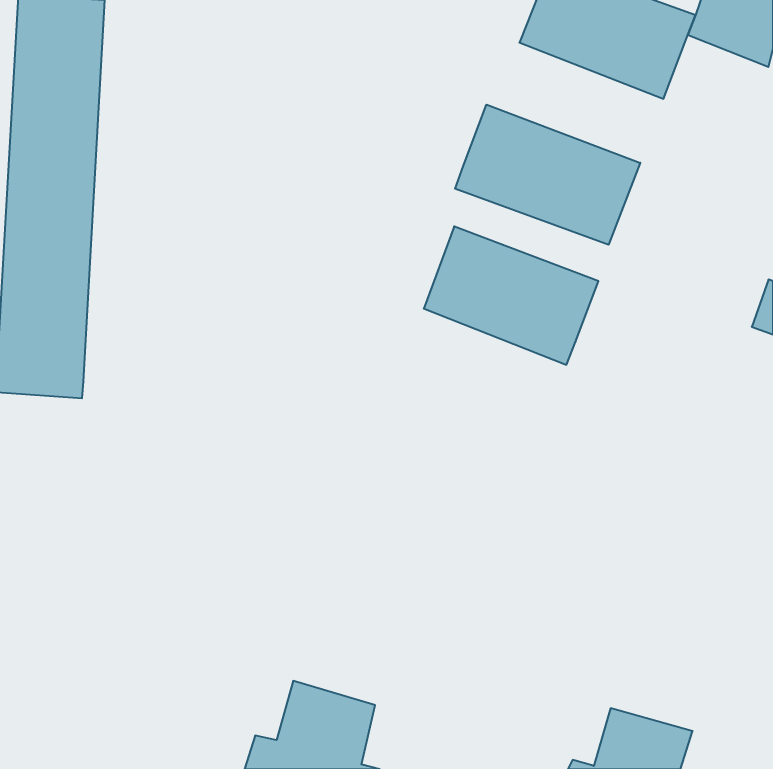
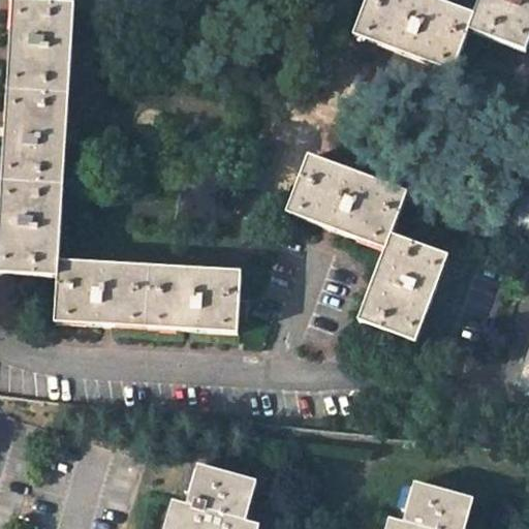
building: [455,105,640,245] -> none
building: none -> [360,232,446,341]
building: none -> [54,259,241,331]

